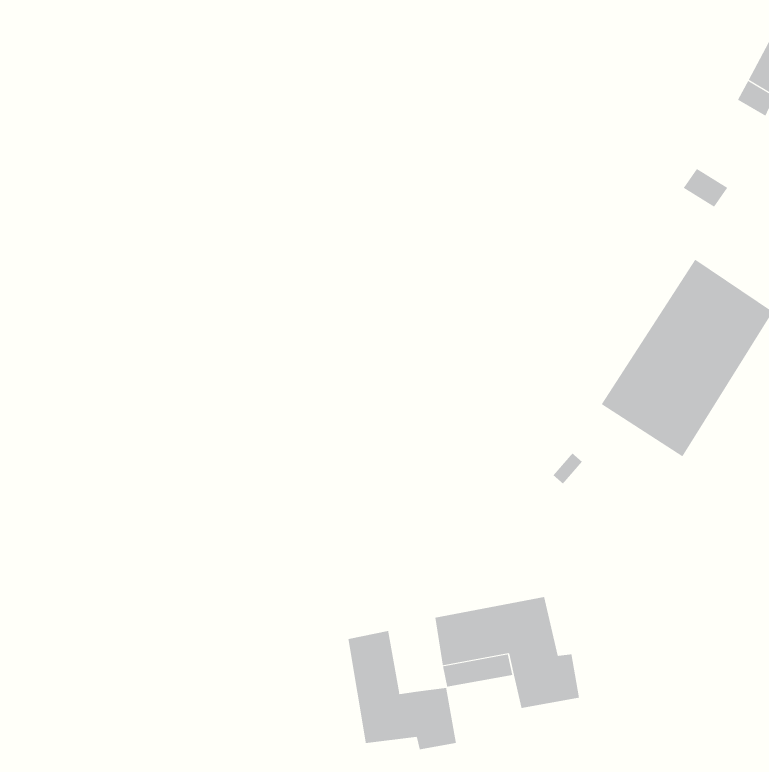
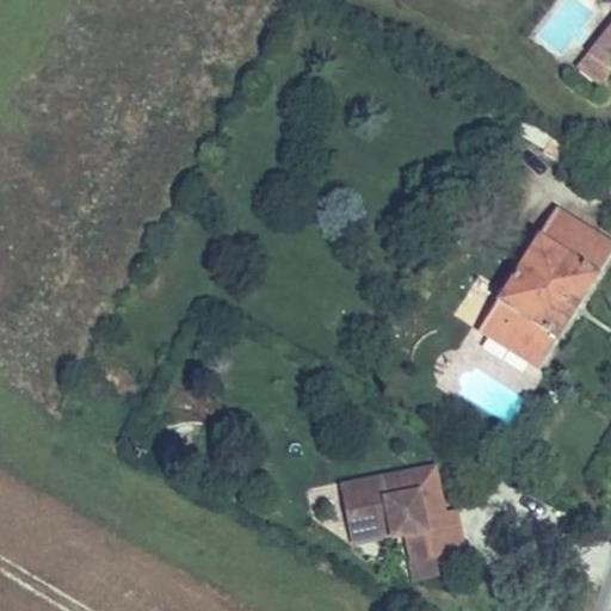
building: [348,630,457,750] -> none

